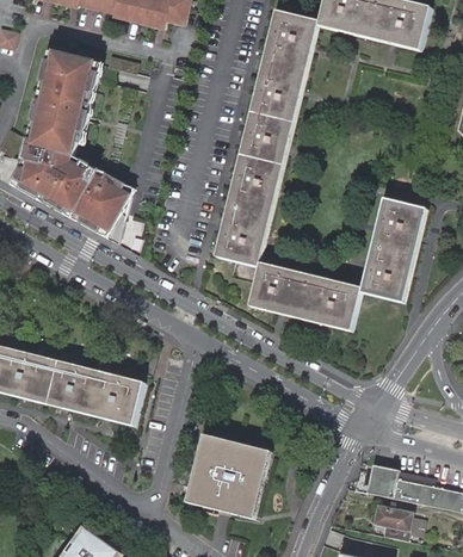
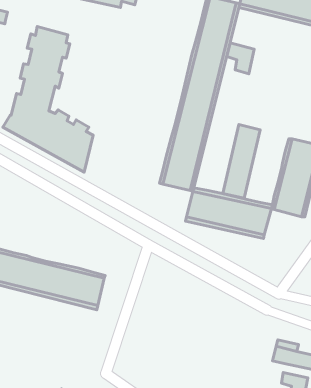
building: none -> [227,43,254,74]
building: none -> [223,124,260,198]
building: [186,434,268,514] -> none

